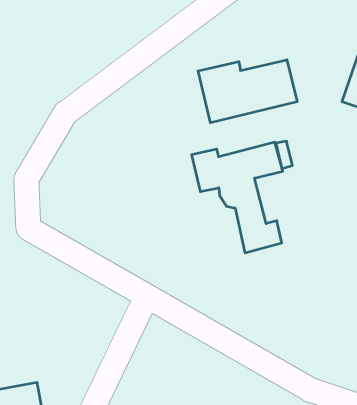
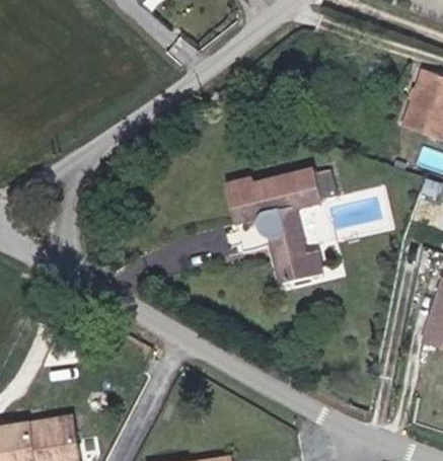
building: [198,60,297,123] -> none

